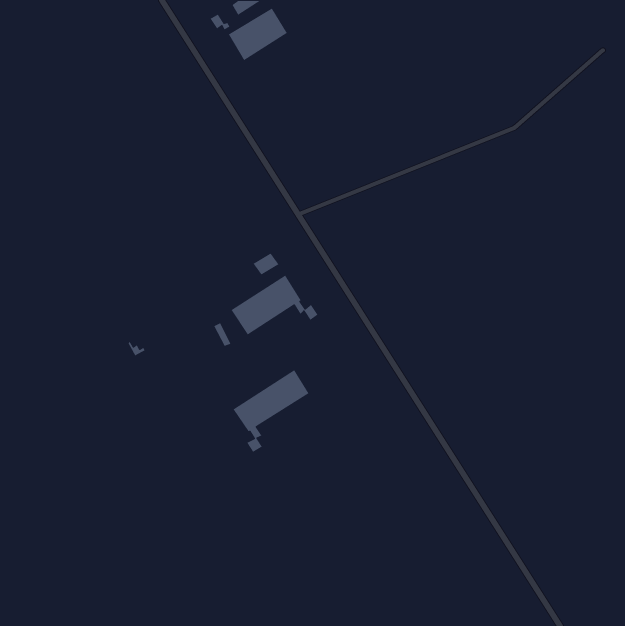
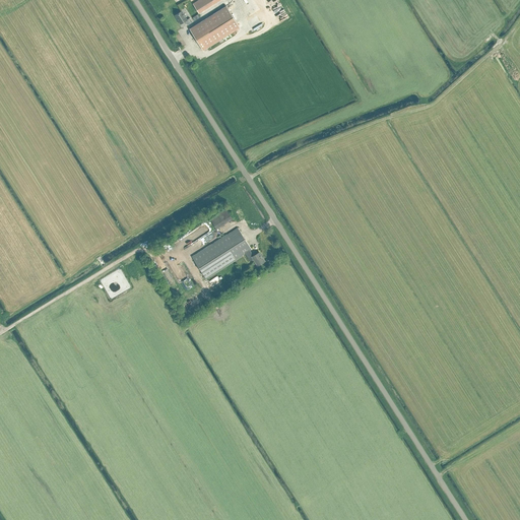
building: [232,369,310,453] -> none

